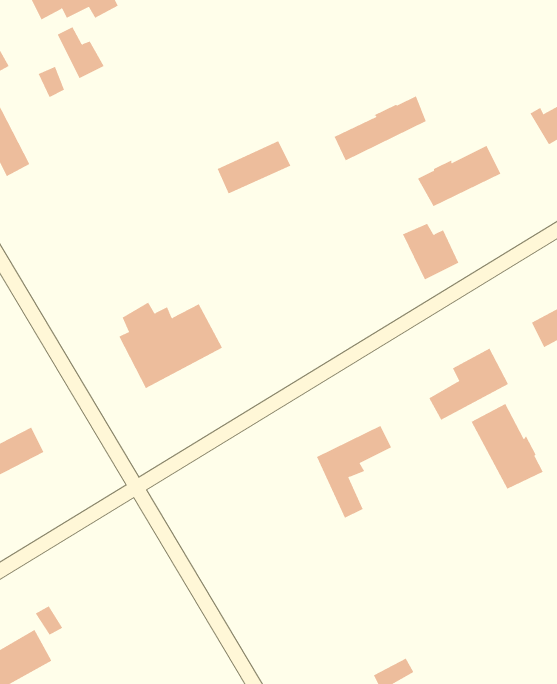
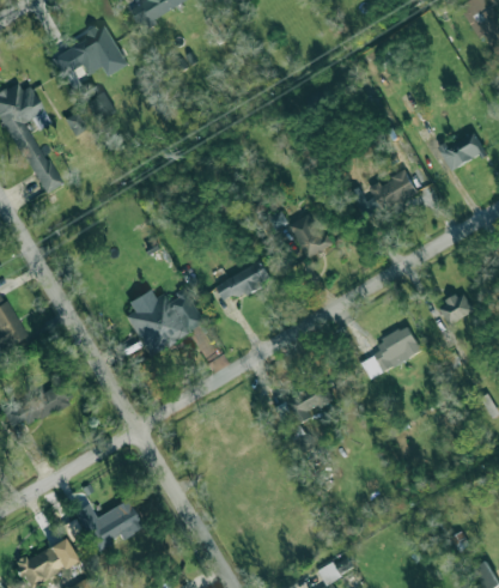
building: [334,96,427,161] -> none
building: [217,140,291,194] -> [215,262,272,303]
building: [402,223,459,280] -> [290,216,333,259]
building: [471,403,543,489] -> none
building: none -> [95,501,142,551]

